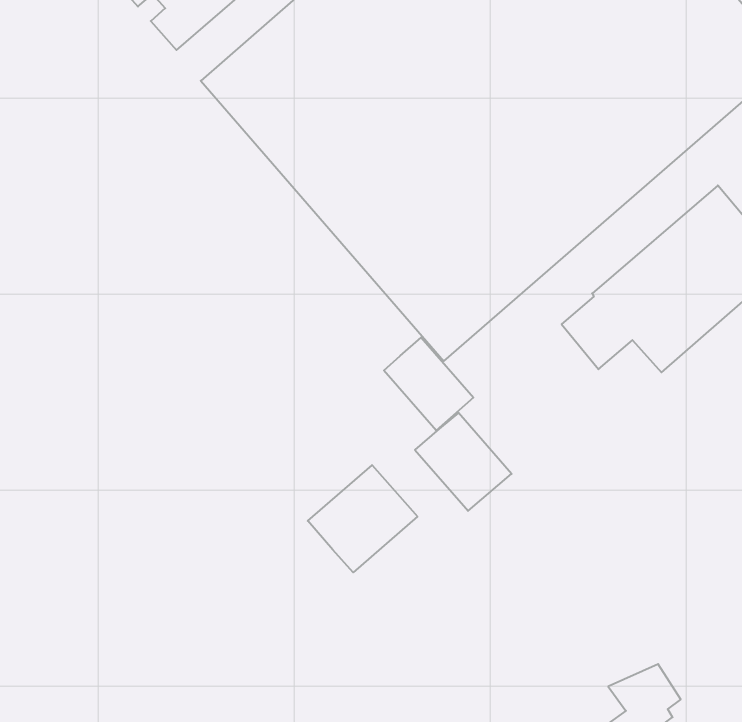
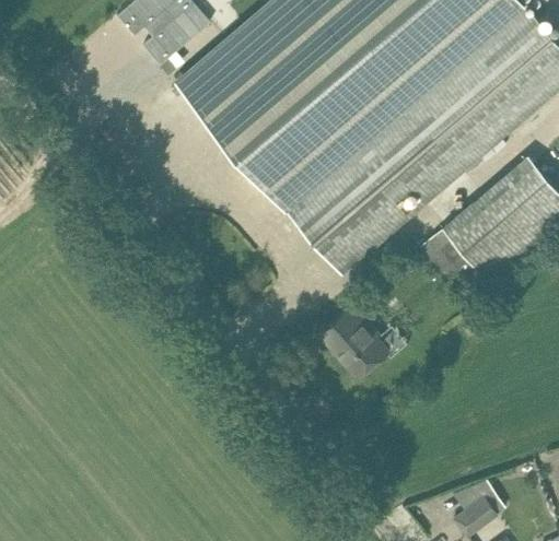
building: [384,337,473,431] -> none
building: [308,465,417,572] -> none

